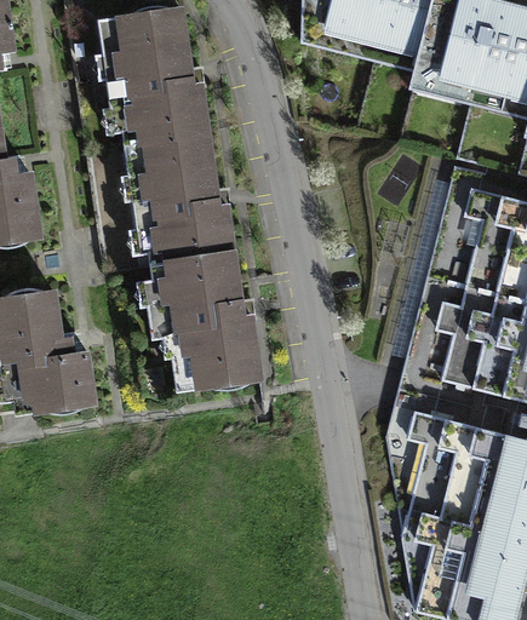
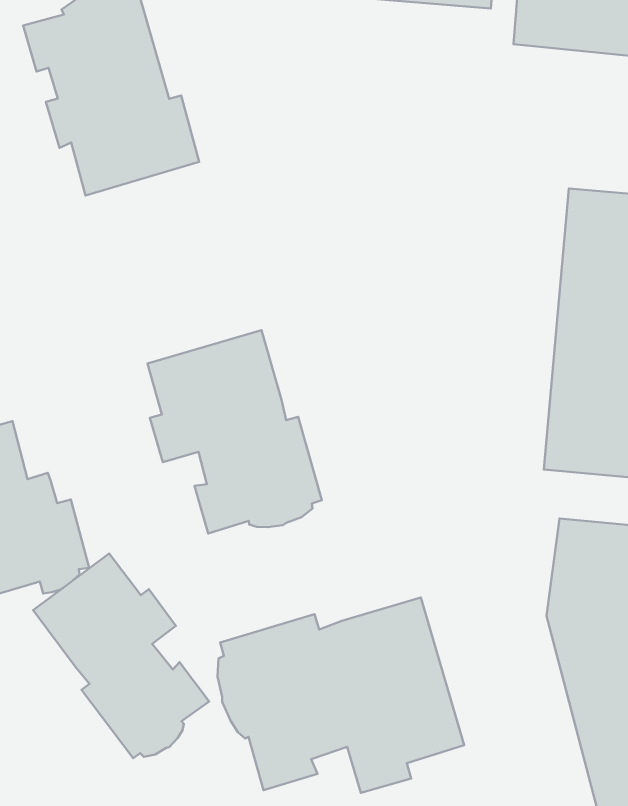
building: [128,133,236,266] -> none
building: none -> [33,554,209,758]
building: none -> [218,597,464,793]

